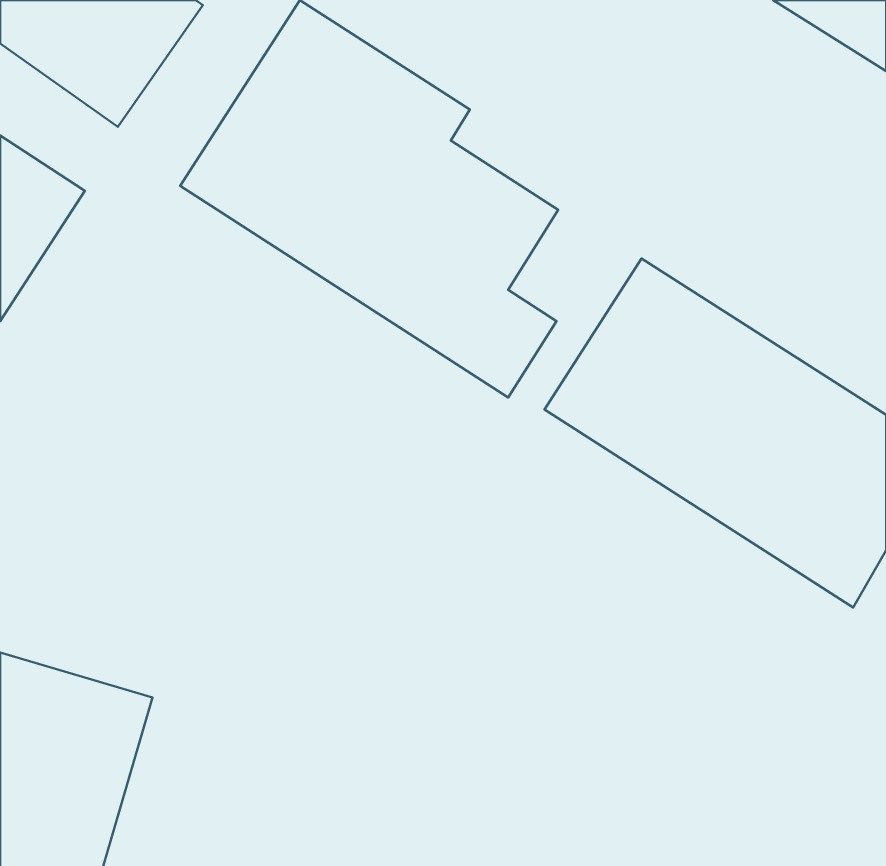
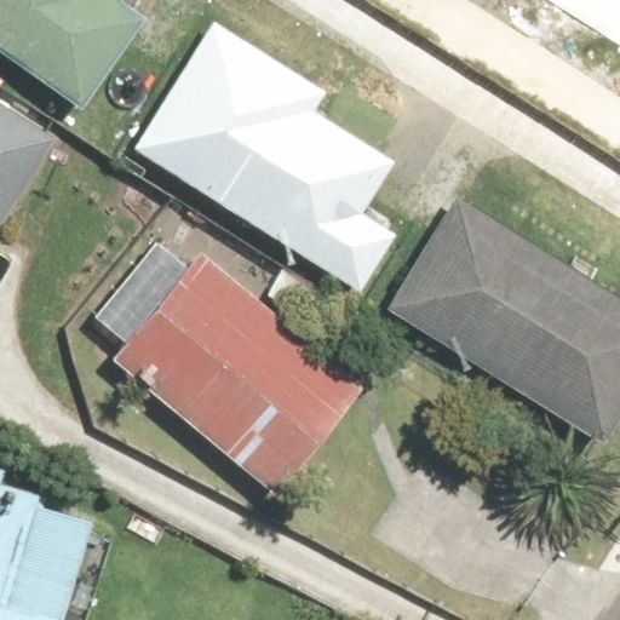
building: none -> [122,259,368,496]

